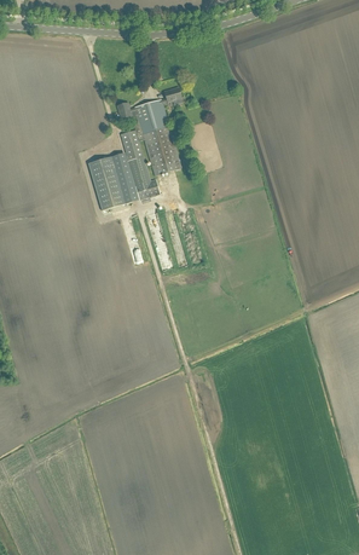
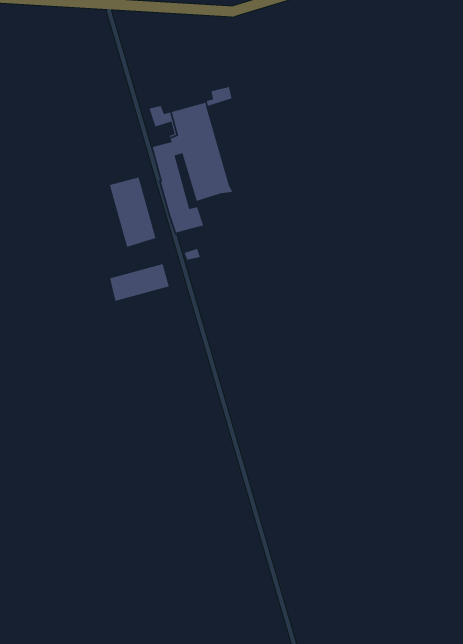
building: none -> [109,263,170,302]

